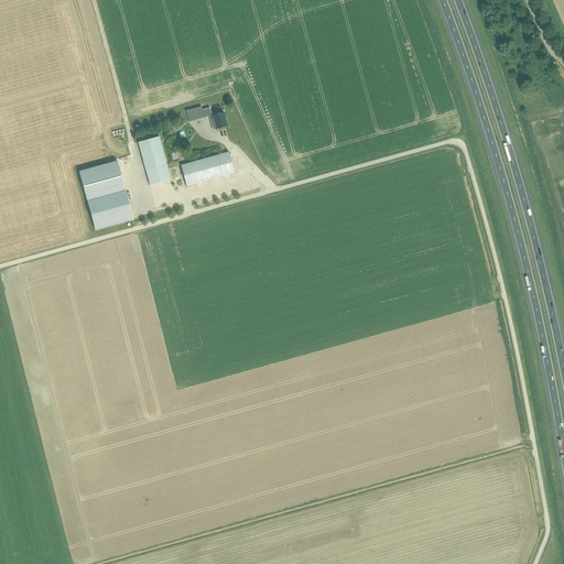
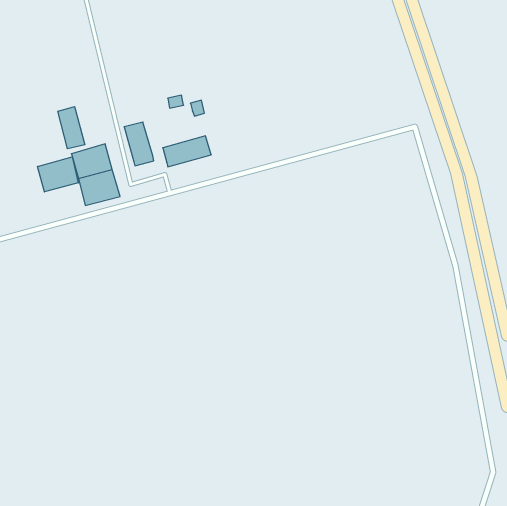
building: none -> [58,107,85,149]
building: none -> [38,157,78,192]

